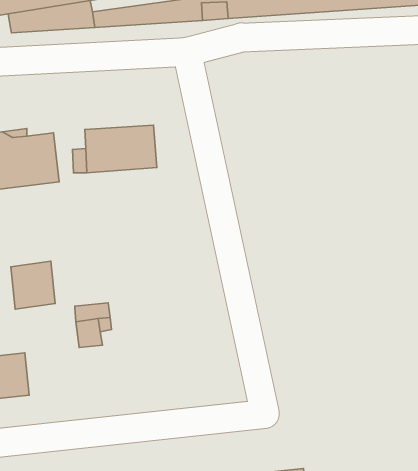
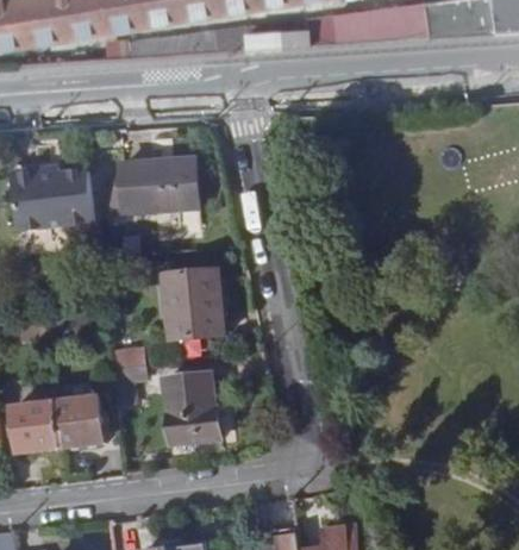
building: none -> [167,269,225,340]
building: [11,261,55,309] -> [55,398,102,449]
building: none -> [168,374,219,443]

